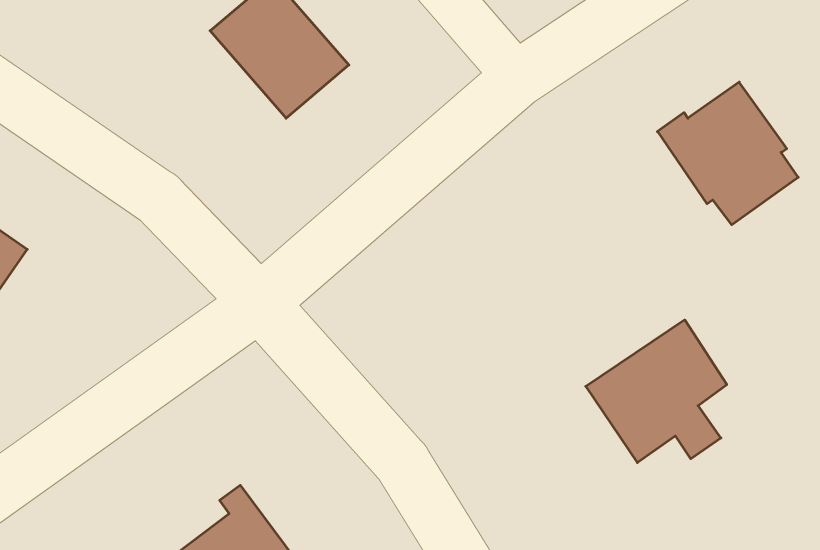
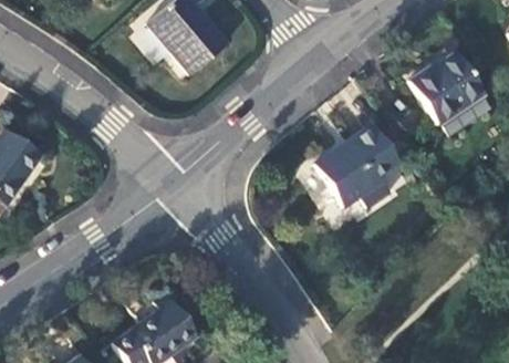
building: [586,320,727,463] -> [313,125,395,208]

